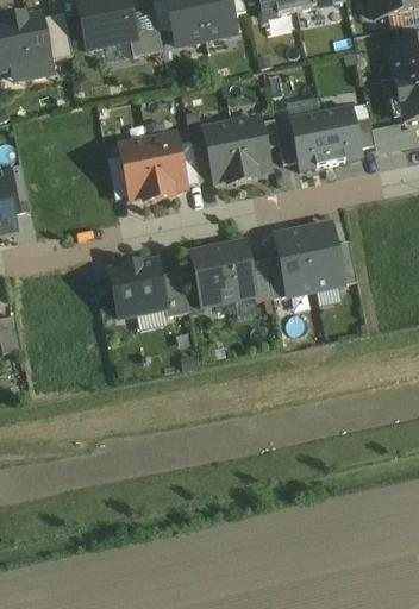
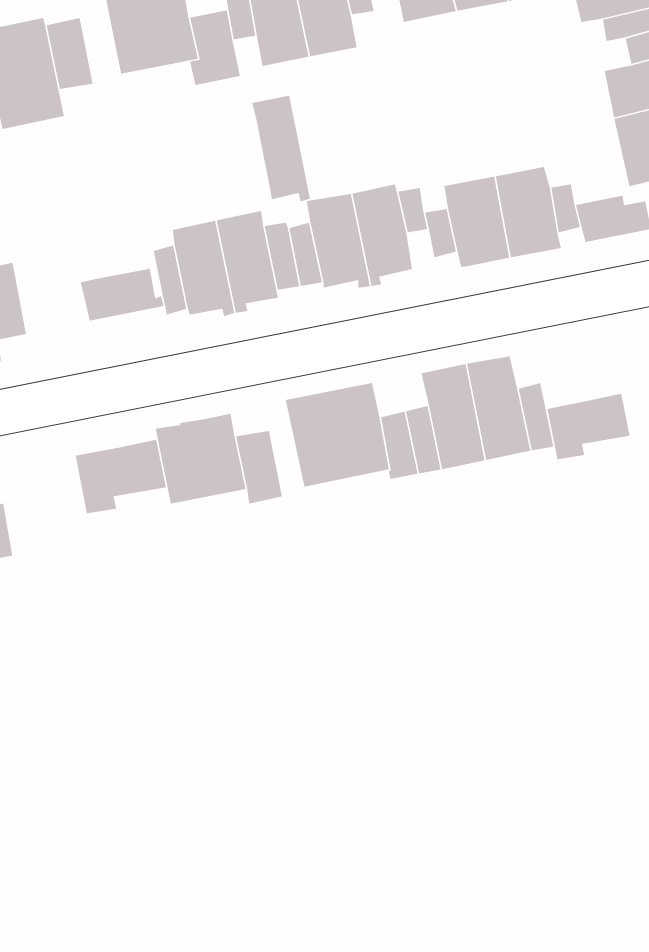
building: none -> [251,95,311,202]
building: none -> [80,267,164,322]
building: none -> [547,393,631,460]
building: none -> [75,439,167,514]

